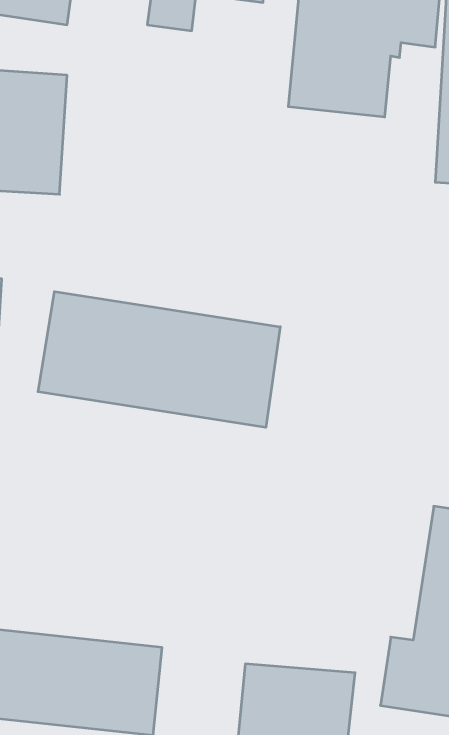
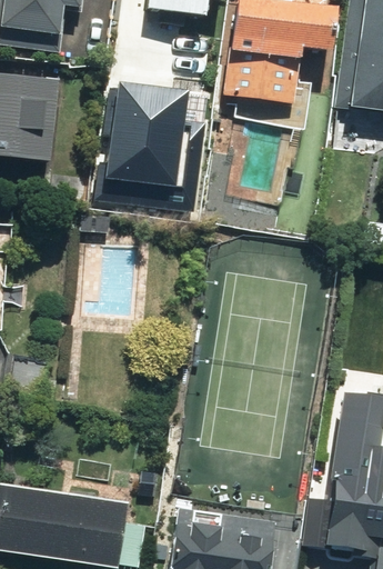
building: none -> [97,76,202,204]
building: [38,292,280,427] -> none

